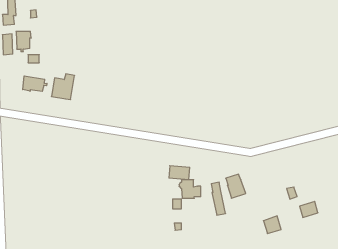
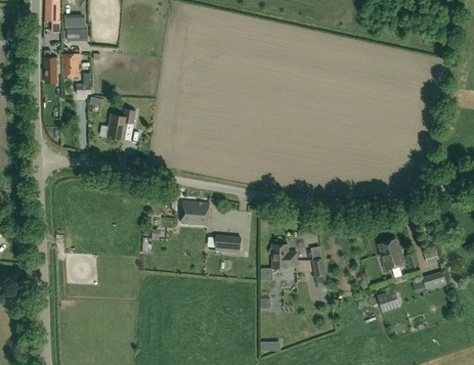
building: [23,76,47,91] -> none
building: none -> [180,200,208,224]
building: [169,166,190,179] -> [214,234,241,252]
building: [226,174,246,198] -> [378,237,403,268]

